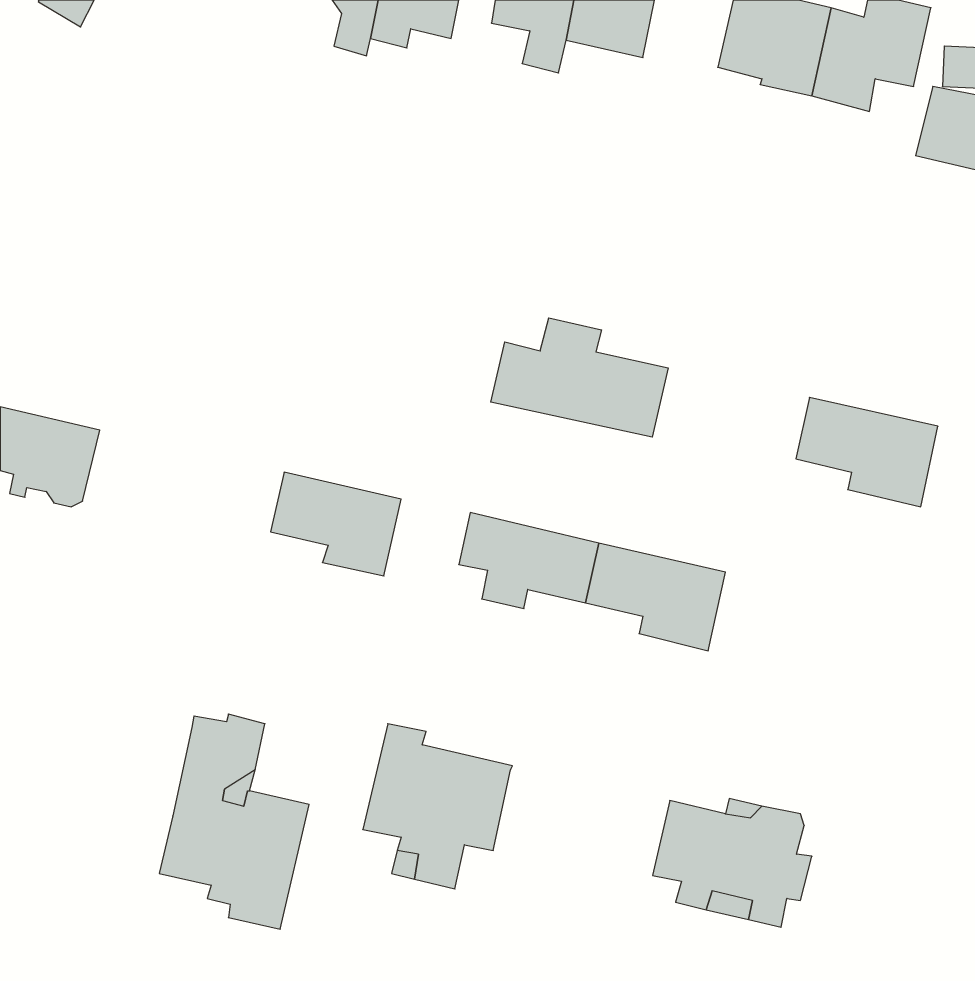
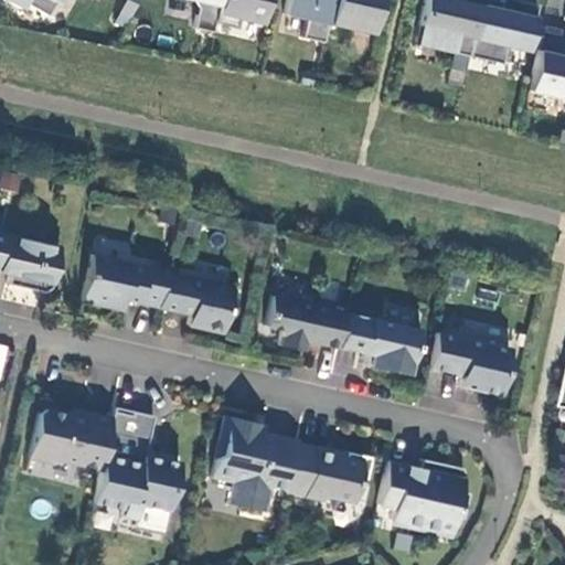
building: [491,318,668,437] -> none
building: [796,397,938,507] -> [429,332,511,395]
building: none -> [83,254,167,309]
building: none -> [29,408,114,469]
building: none -> [287,443,372,503]

